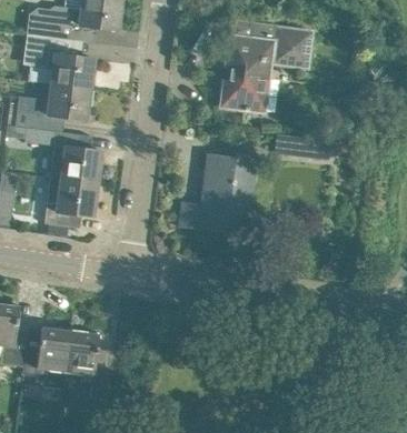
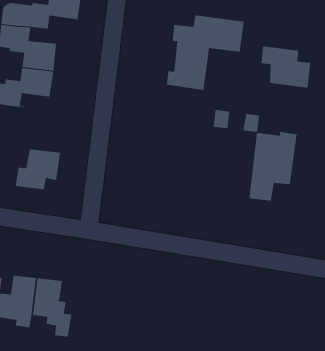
building: none -> [261,46,311,88]
building: [49,131,101,184] -> none
building: [198,151,255,232] -> [249,131,297,201]

